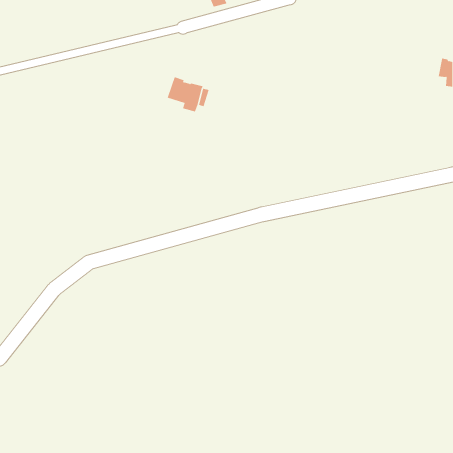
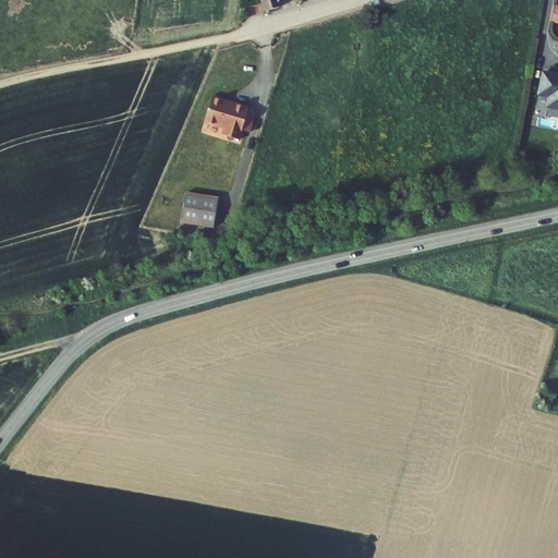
building: none -> [180,192,218,227]

